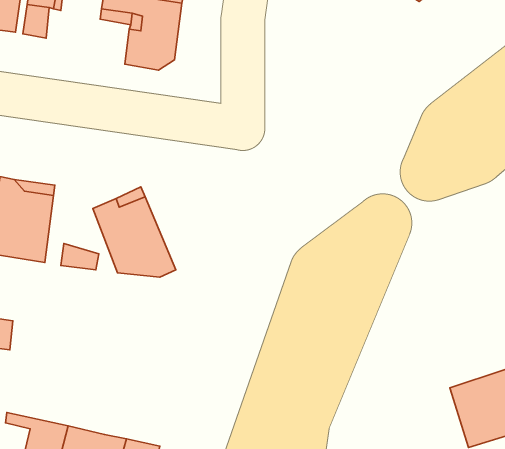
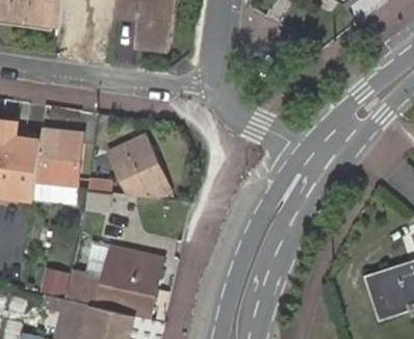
building: none -> [64,247,159,314]

